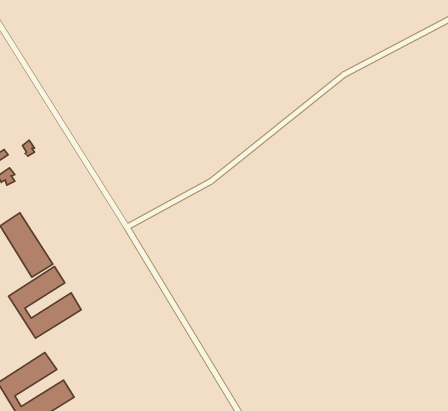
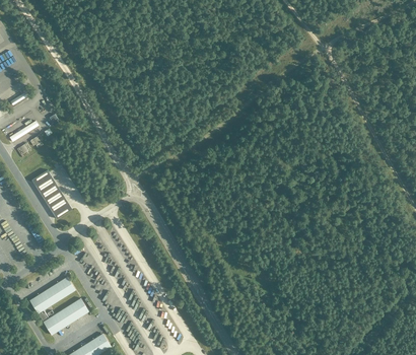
building: [8,267,81,338] -> none

